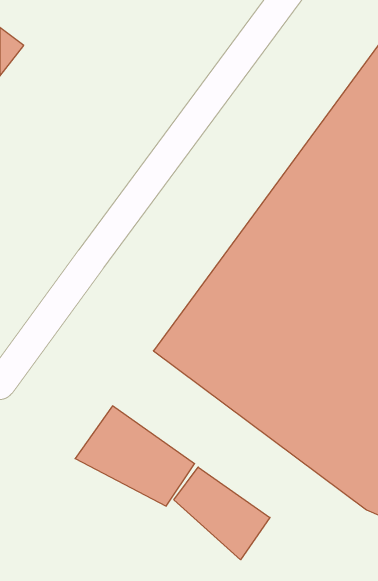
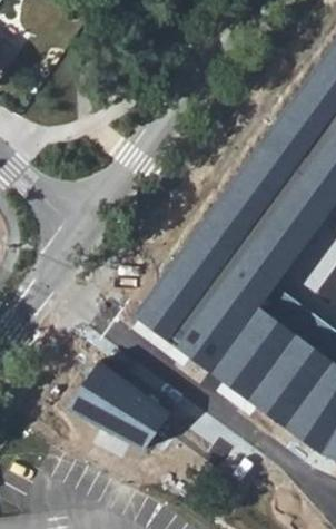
building: [174,467,270,560] -> none

